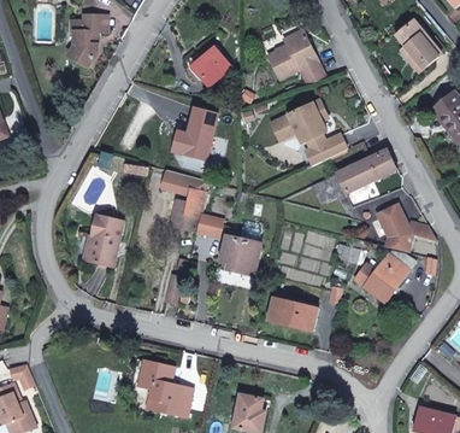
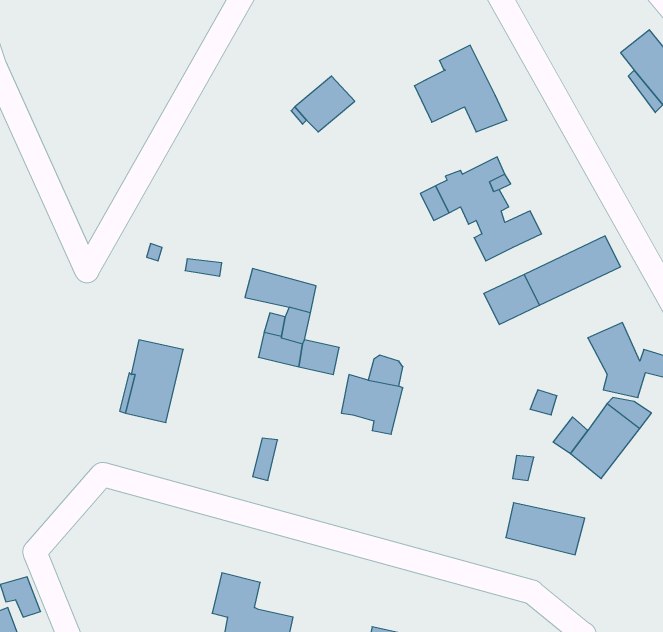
building: [67,14,107,66] -> none
building: [182,107,217,159] -> none
building: [269,298,318,330] -> [506,503,585,555]

